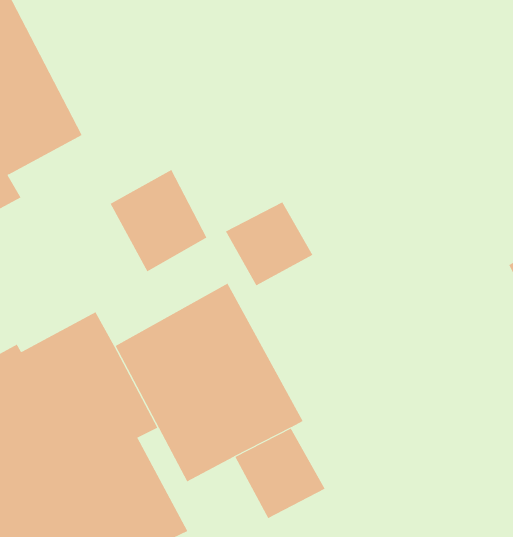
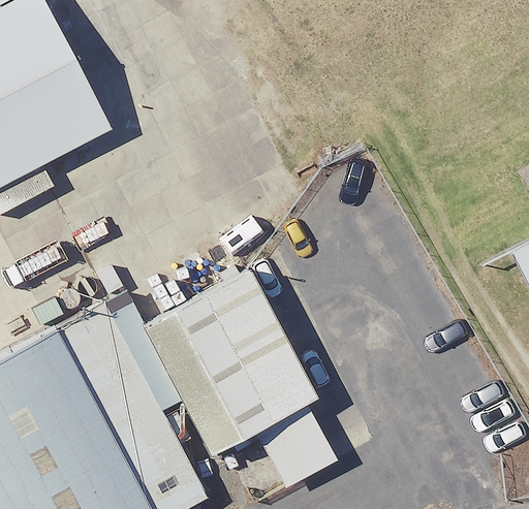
building: [110,169,207,272] -> none
building: [225,202,313,286] -> none

